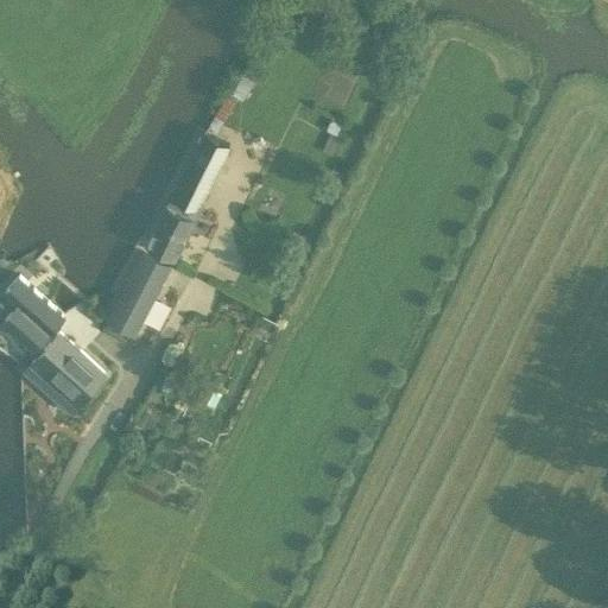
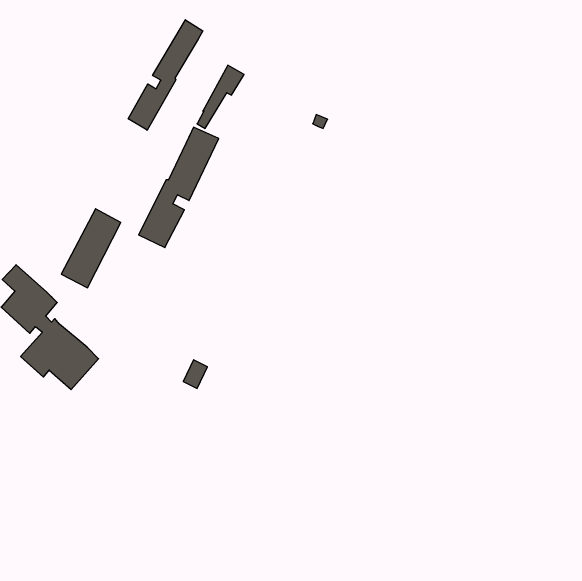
building: none -> [128,20,203,130]
building: [104,256,166,338] -> [61,209,121,288]

